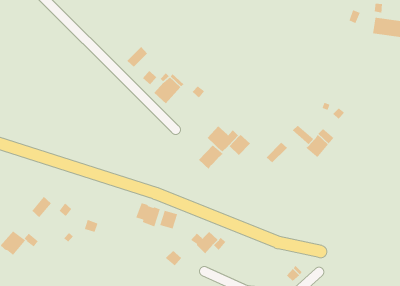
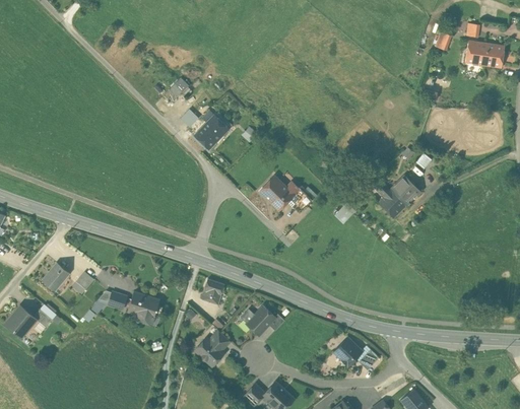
building: [198,145,224,170] -> none
building: [135,202,161,228] -> [127,291,158,323]
building: none -> [334,337,362,364]
building: none -> [195,338,222,364]

